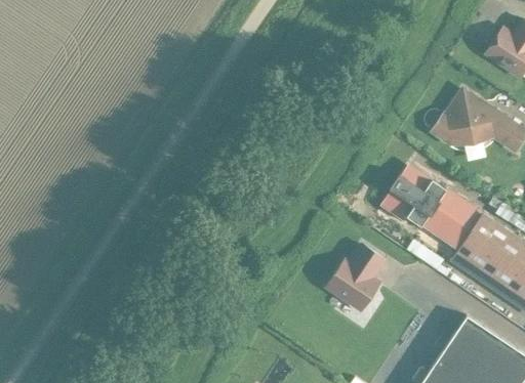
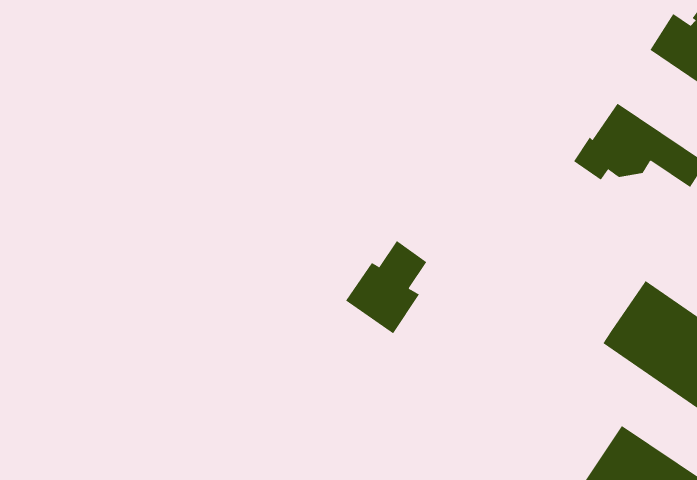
building: [386,167,482,249] -> none
building: [327,245,385,310] -> [345,240,427,334]

